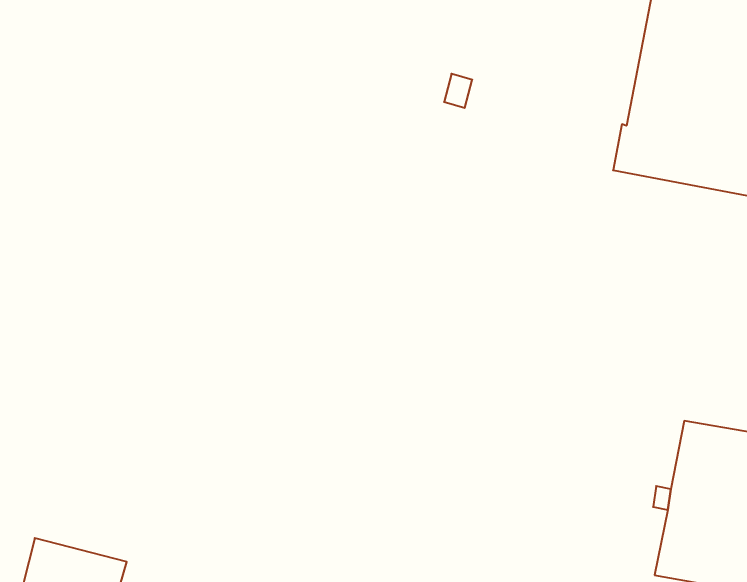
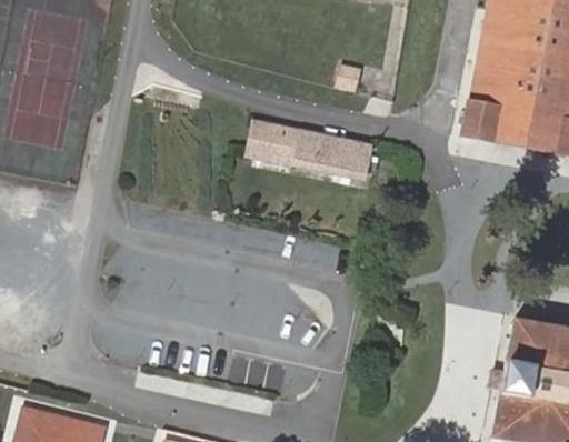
building: none -> [247,119,371,179]

